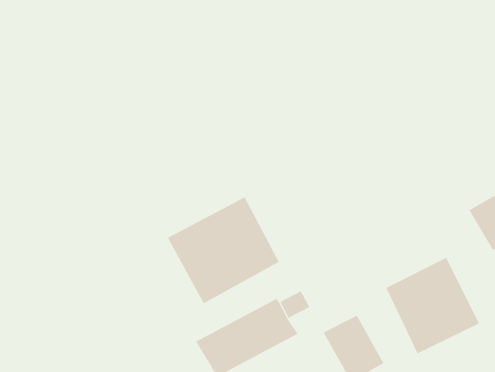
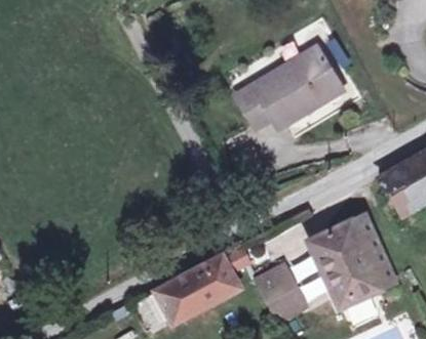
building: none -> [234,47,336,127]
building: [167,196,280,304] -> none

